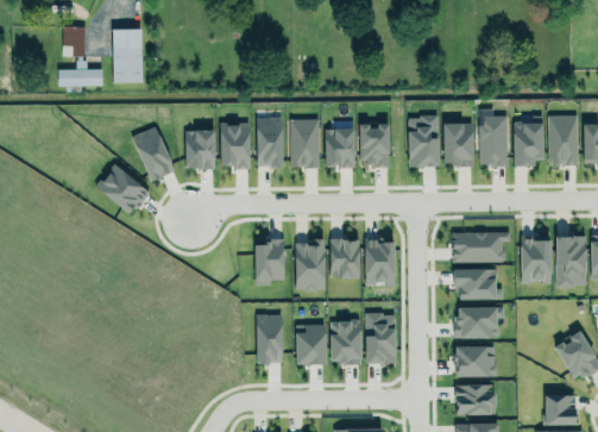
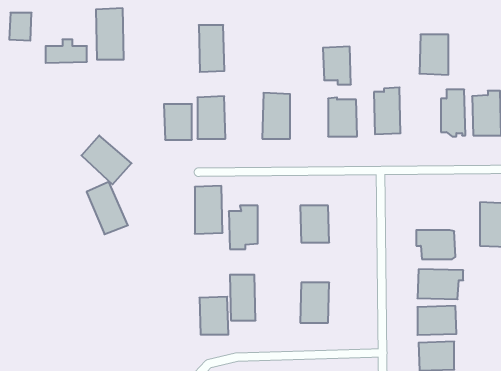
building: [63,27,87,57] -> [9,13,32,41]
building: [257,118,284,168] -> [199,25,224,72]
building: [443,124,474,167] -> [419,35,448,75]
building: [325,125,354,165] -> [323,47,351,84]
building: [132,126,176,182] -> [87,182,128,234]
building: [453,232,511,263] -> none
building: [296,240,326,292] -> [195,186,223,234]
building: [365,240,396,286] -> none
building: [366,314,397,364] -> none
building: [296,325,327,365] -> [199,297,228,335]

